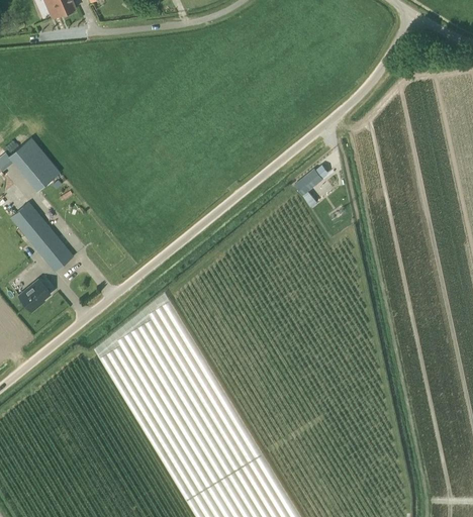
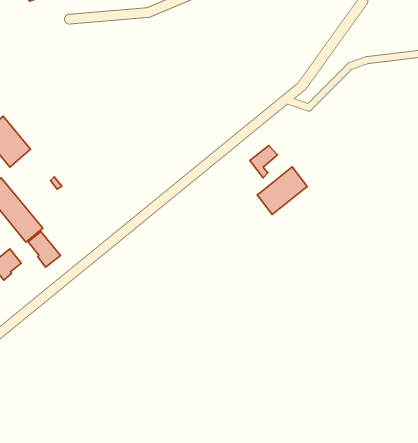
building: none -> [257,167,307,215]
building: none -> [28,231,60,267]

